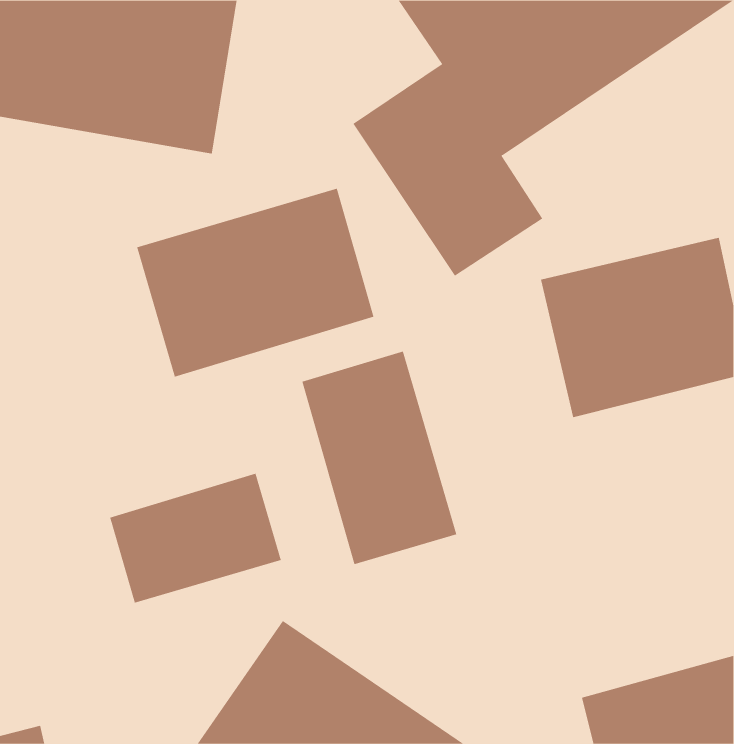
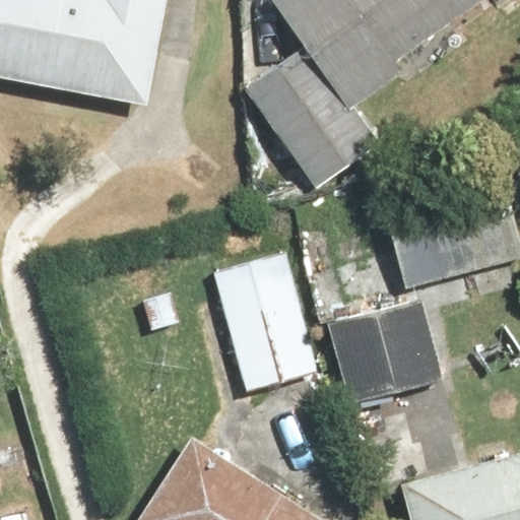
building: [136,188,374,378] -> none
building: none -> [327,299,442,410]
building: [109,473,281,604] -> none

